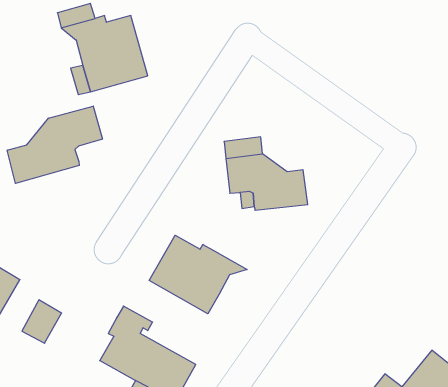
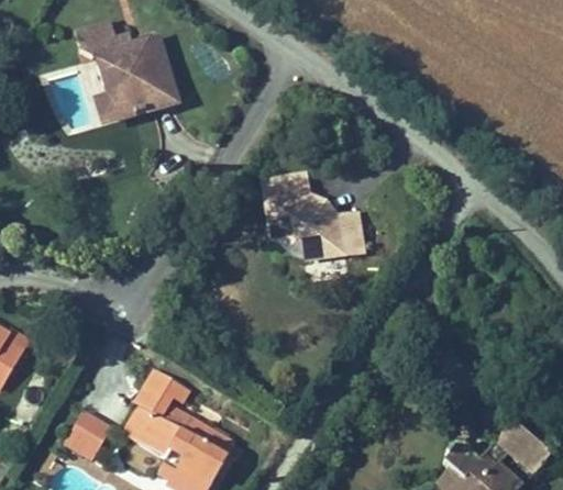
building: [7,106,102,183] -> none
building: [149,235,247,314] -> none
building: [22,300,62,343] -> [64,408,110,458]

